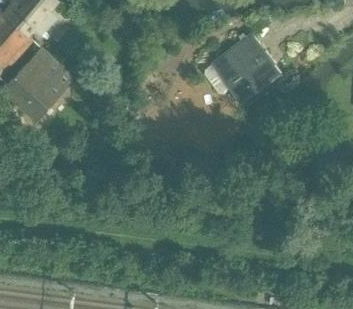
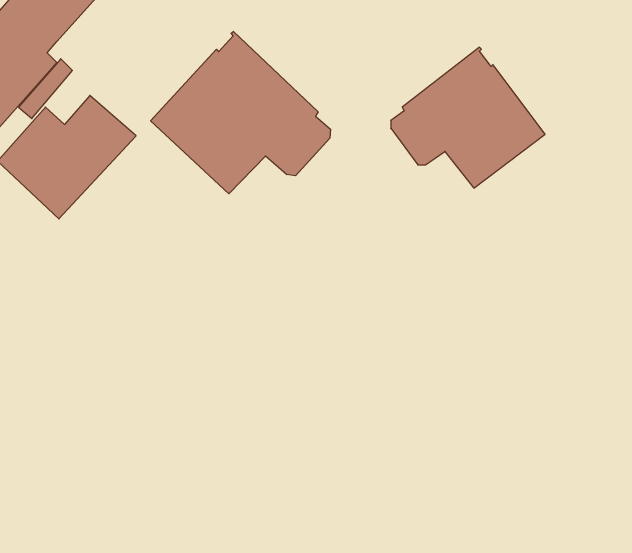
building: none -> [151,31,330,194]

